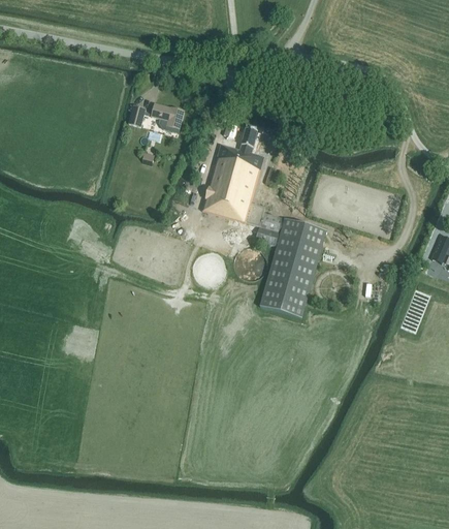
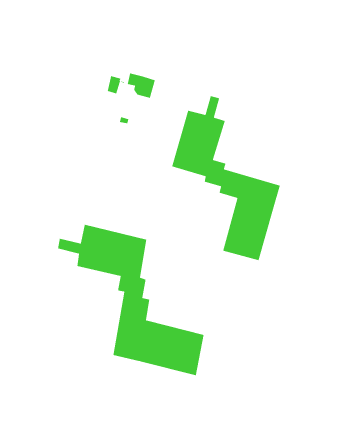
building: none -> [57,224,205,376]

